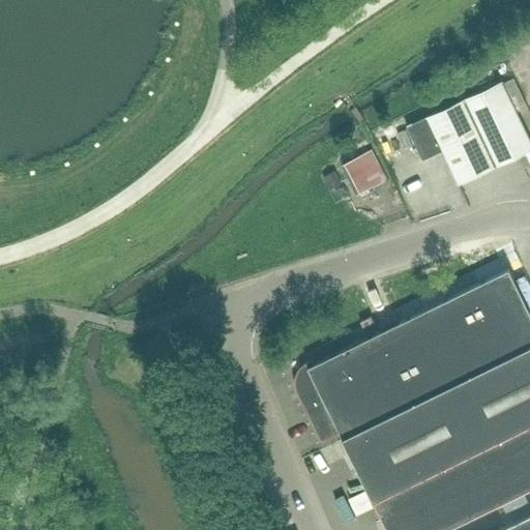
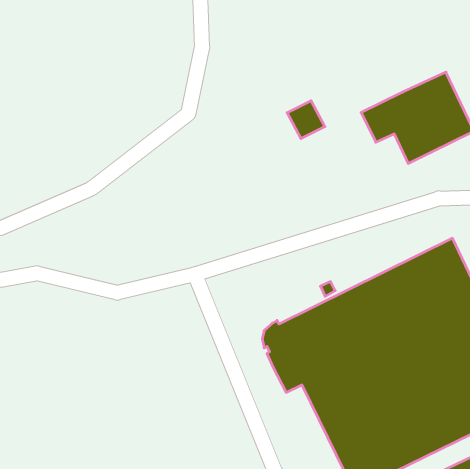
building: [345,153,387,196] -> [287,101,325,139]

